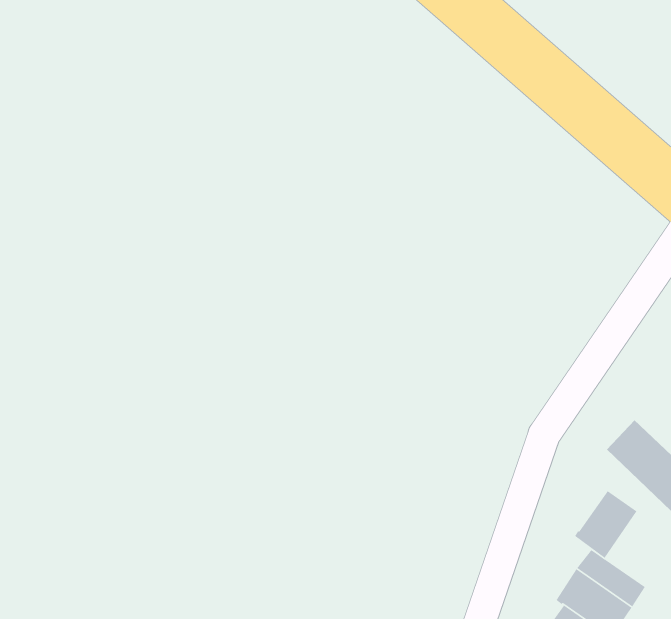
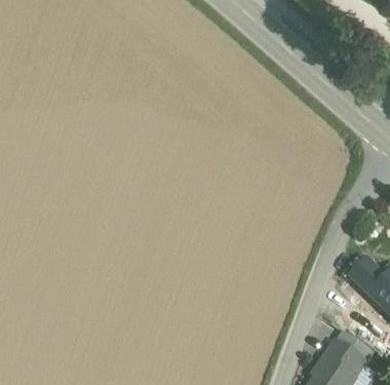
building: [574,490,638,559] -> none

